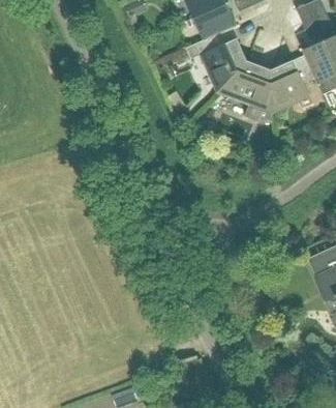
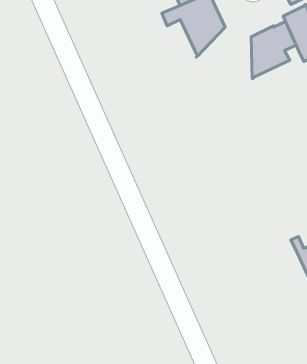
building: [218,60,272,122] -> none

